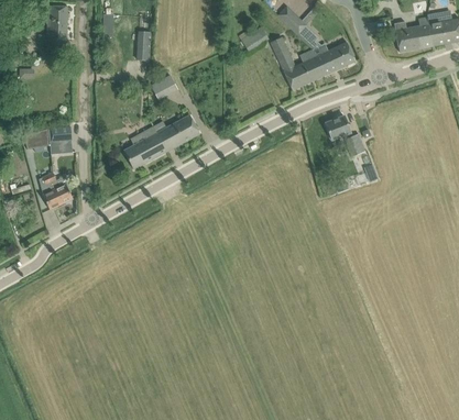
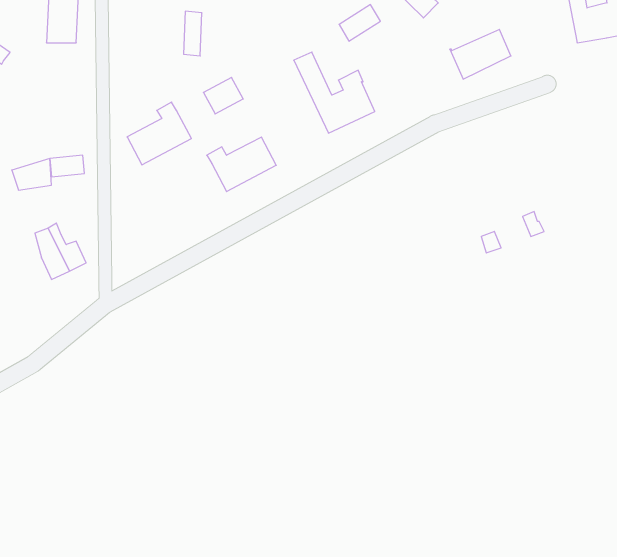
building: [270,35,324,89] -> [294,52,375,133]
building: [325,114,365,155] -> none
building: [123,125,166,167] -> [127,102,191,165]

